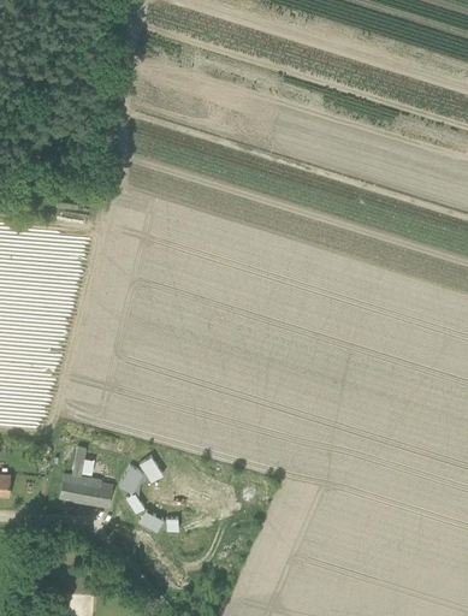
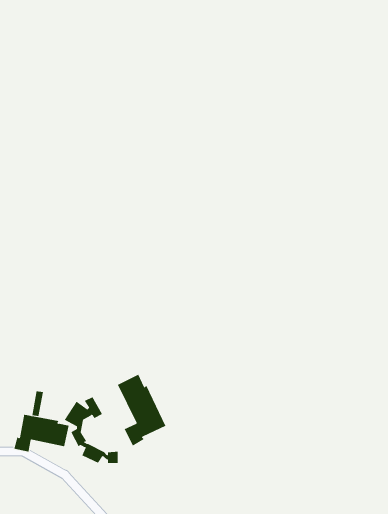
building: none -> [117,374,166,447]

